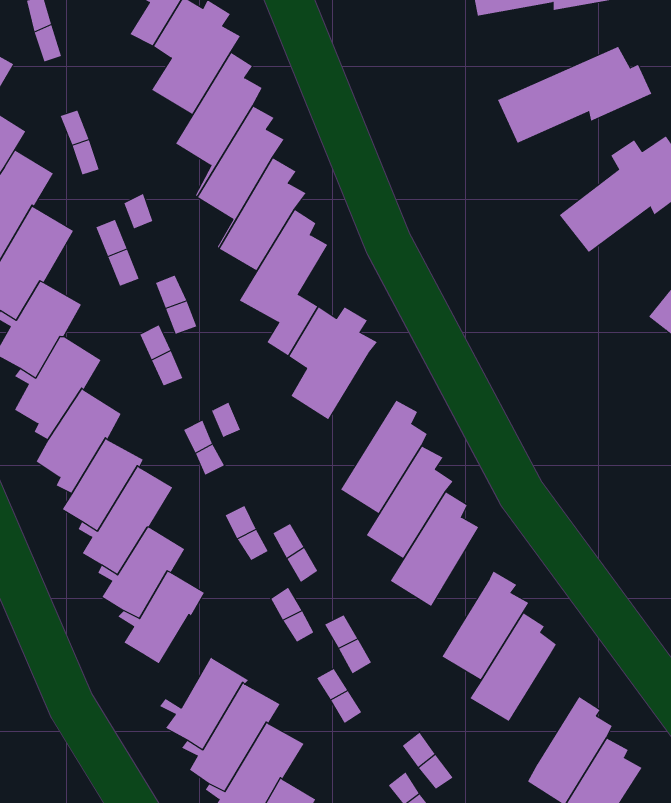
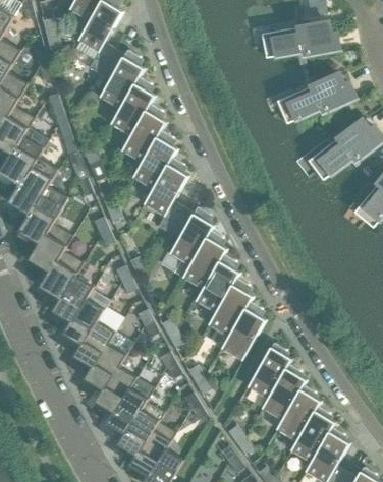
building: none -> [182,230,228,300]
building: none -> [93,364,138,412]
building: none -> [277,384,321,440]

